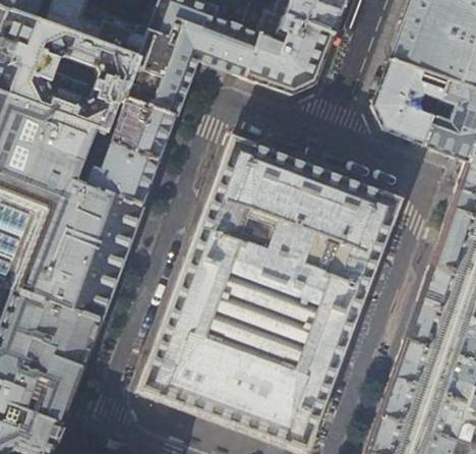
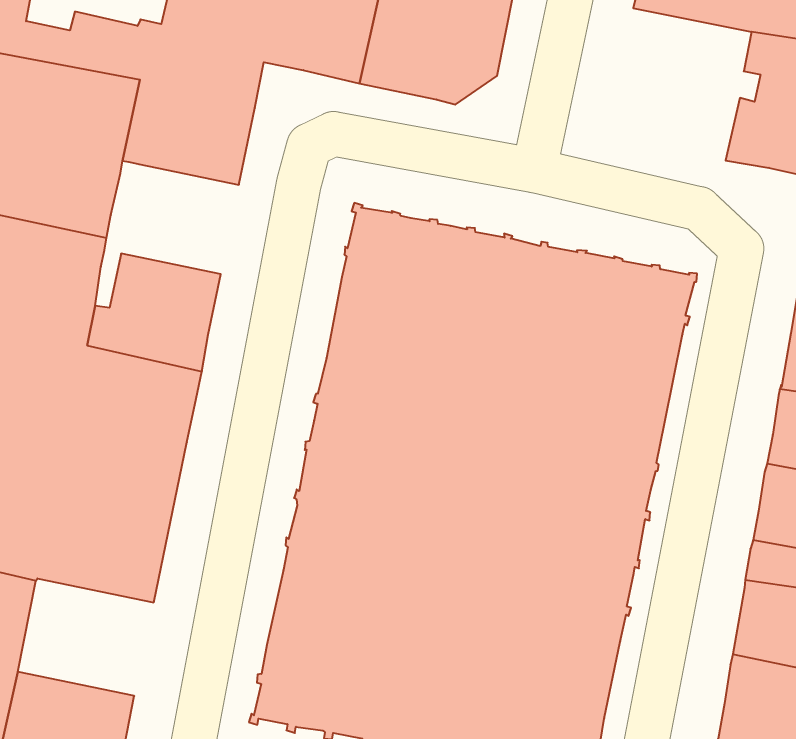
building: [373,58,448,143] -> none
building: [103,98,176,160] -> none
building: [25,299,100,366] -> none

